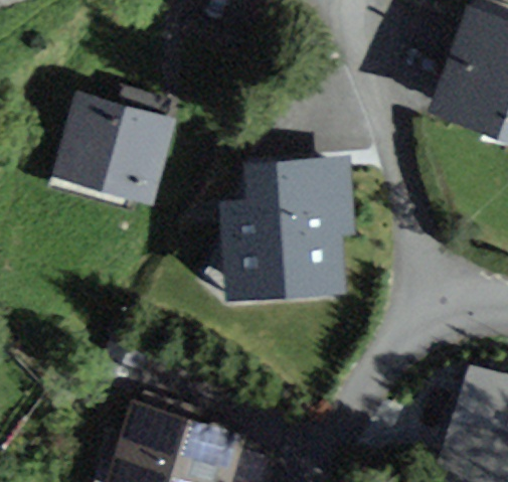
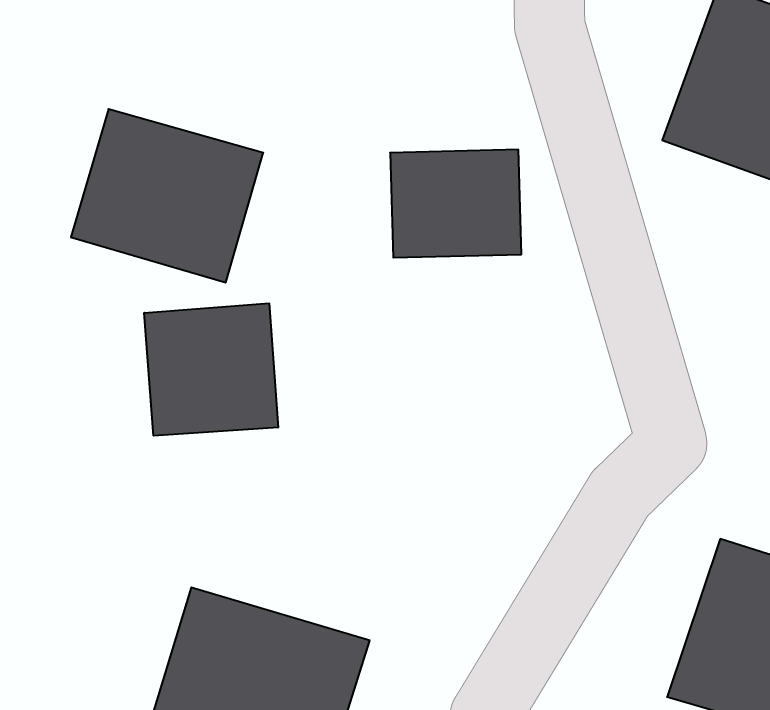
building: [225,194,344,302] -> none
building: none -> [144,303,278,436]

